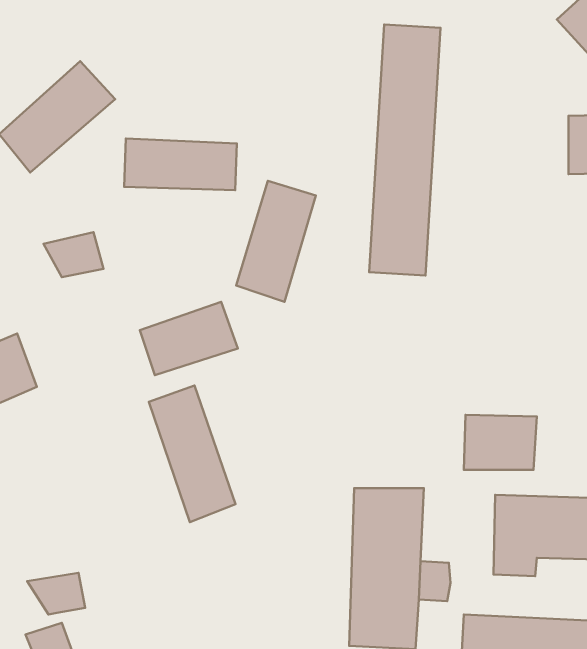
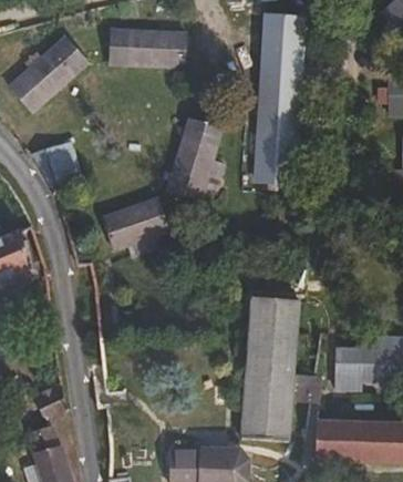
building: [124,139,237,190] -> [108,37,184,71]
building: [149,385,235,522] -> none
building: [464,415,537,470] -> [245,294,293,330]

